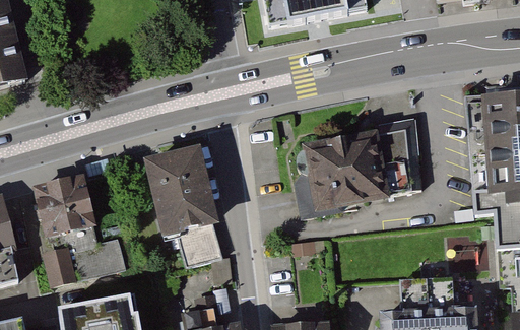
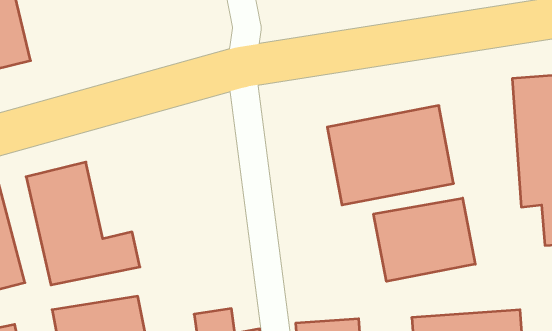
building: [143,145,224,265] -> none
building: none -> [374,198,475,281]

